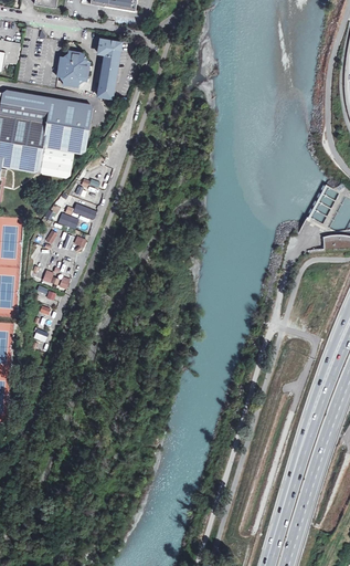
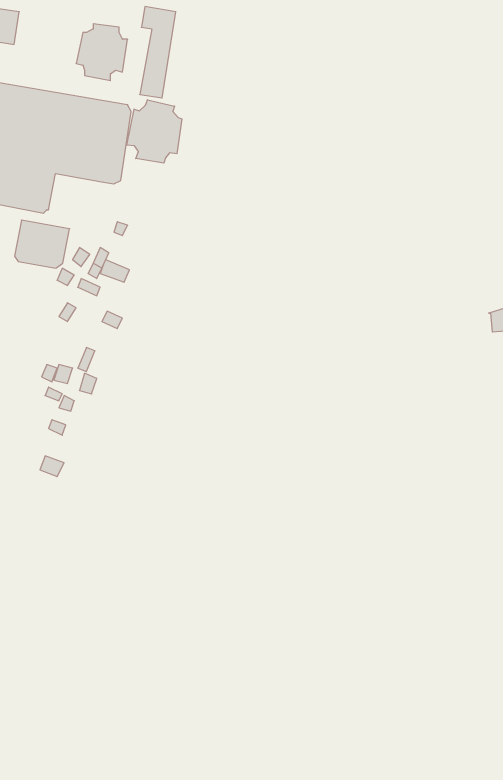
building: none -> [127,100,182,163]
building: [39,147,74,178] -> [15,220,70,268]

